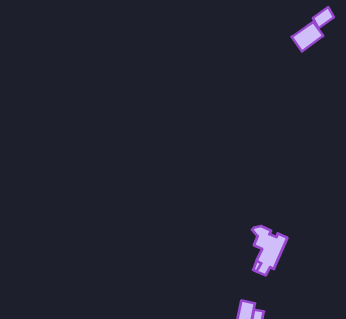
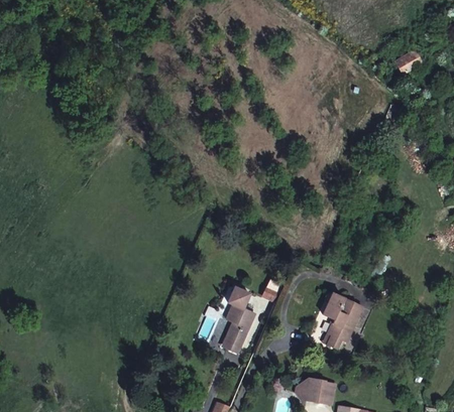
building: [292,22,323,51] -> none
building: none -> [227,290,256,354]

